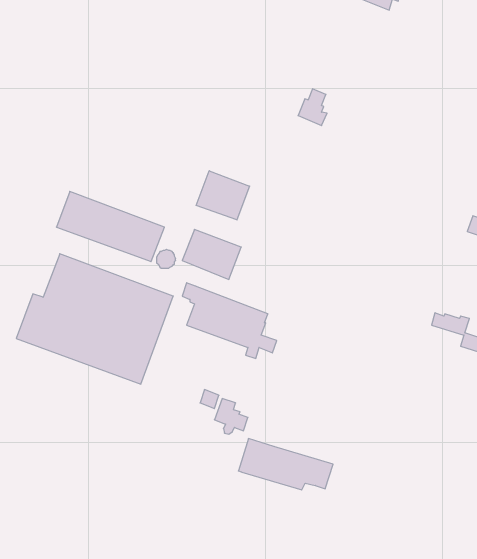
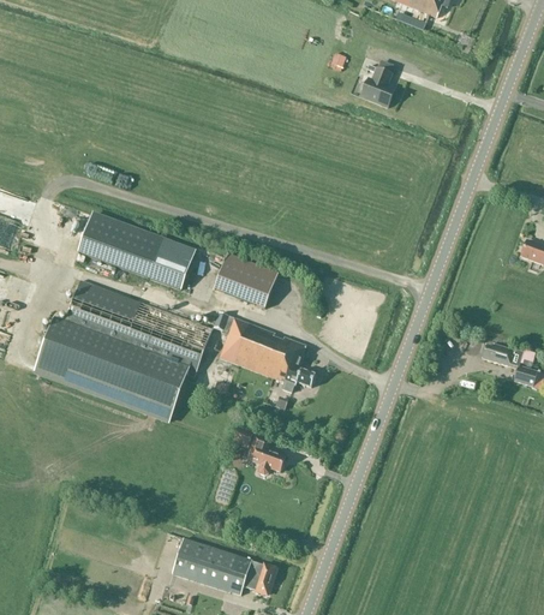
building: [298,89,327,126] -> [361,67,393,107]
building: [196,171,250,220] -> none
building: [238,439,333,490] -> [173,539,275,595]

